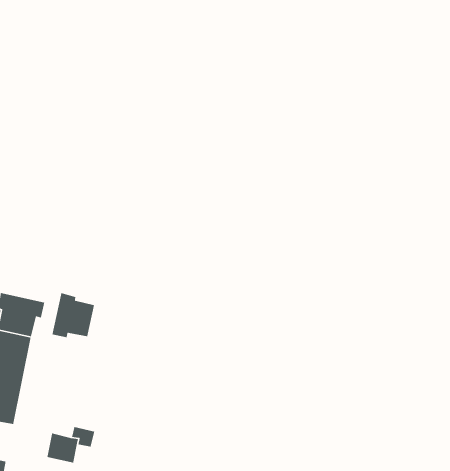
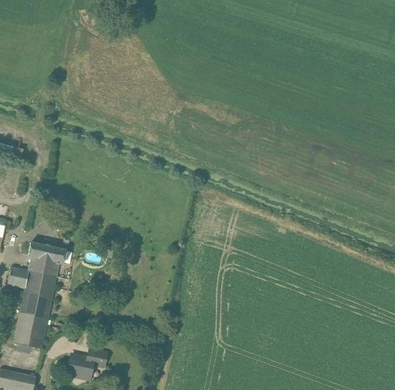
building: [51,292,95,338] -> none

